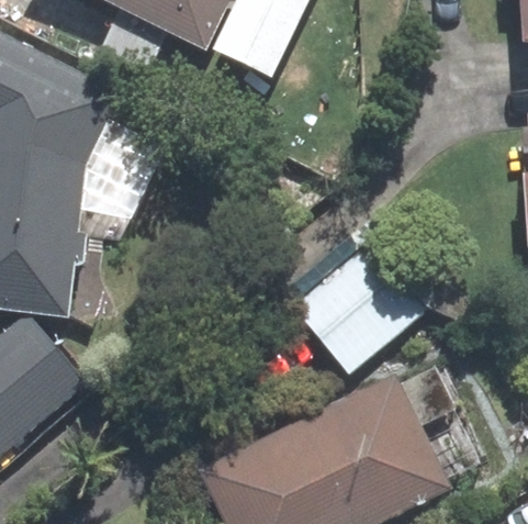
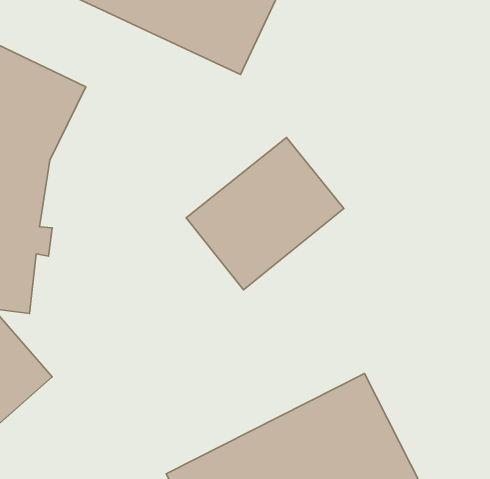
building: [294,223,448,371] -> [186,138,344,290]

